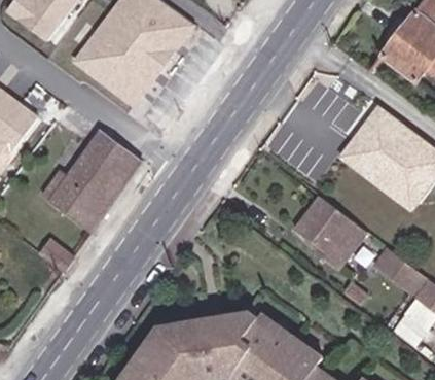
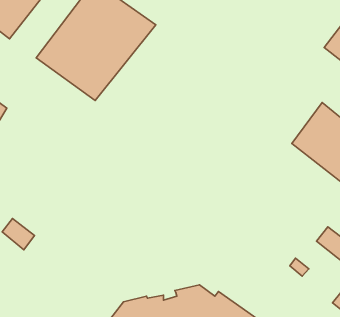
building: [38,129,137,233] -> none
building: [294,194,366,268] -> none

